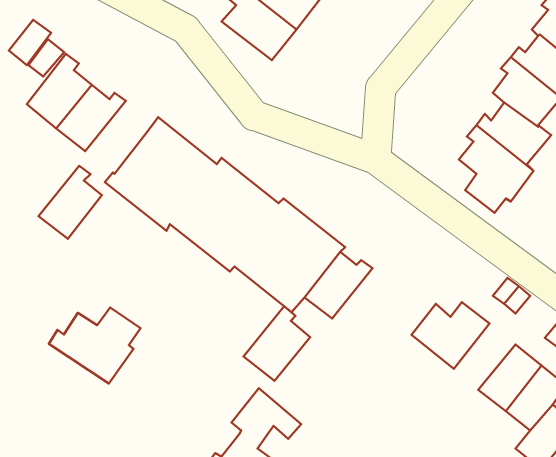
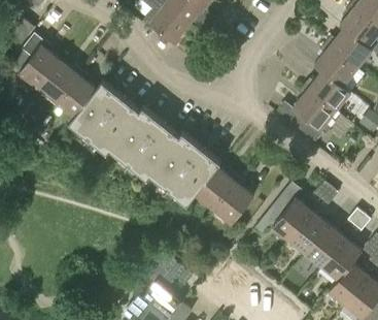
building: [38,166,102,239] -> [56,71,96,118]
building: [244,306,310,381] -> [212,178,254,225]
building: [49,308,140,383] -> none
building: none -> [289,213,329,255]

